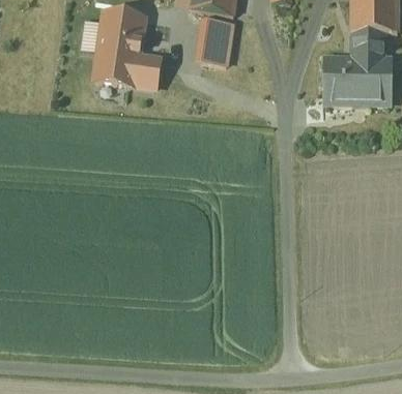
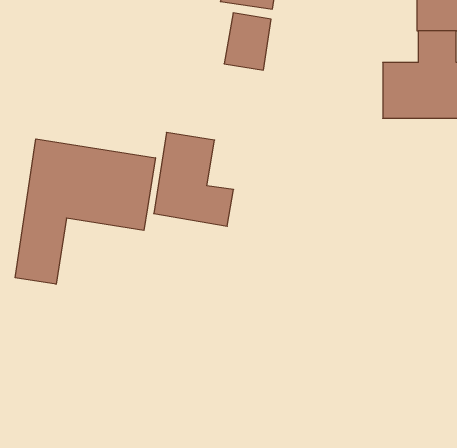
building: [94,10,160,87] -> [154,132,234,226]
building: none -> [15,139,155,284]

